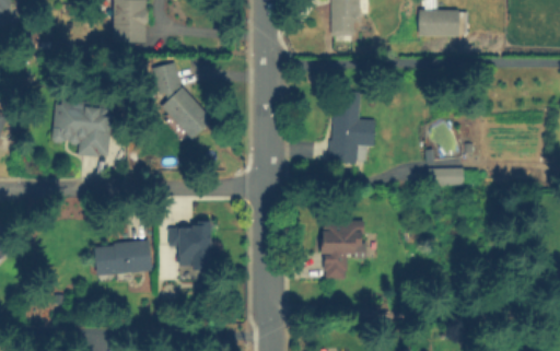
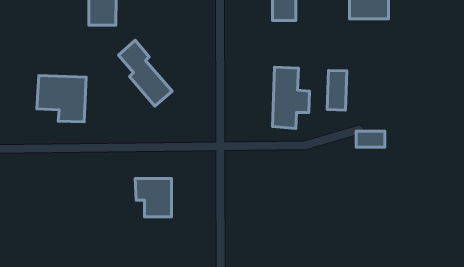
building: none -> [327,70,347,110]
building: [322,222,363,280] -> none
building: [94,241,152,277] -> none

